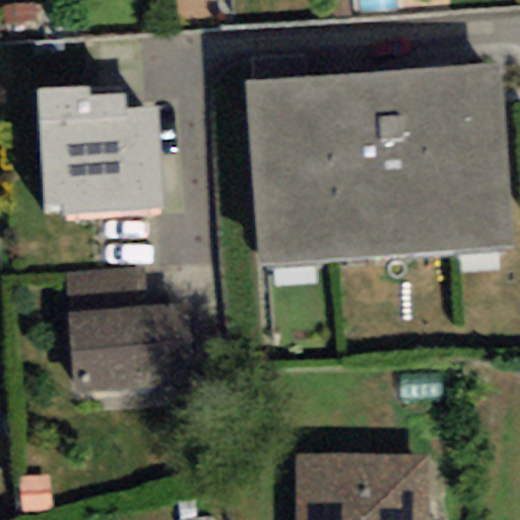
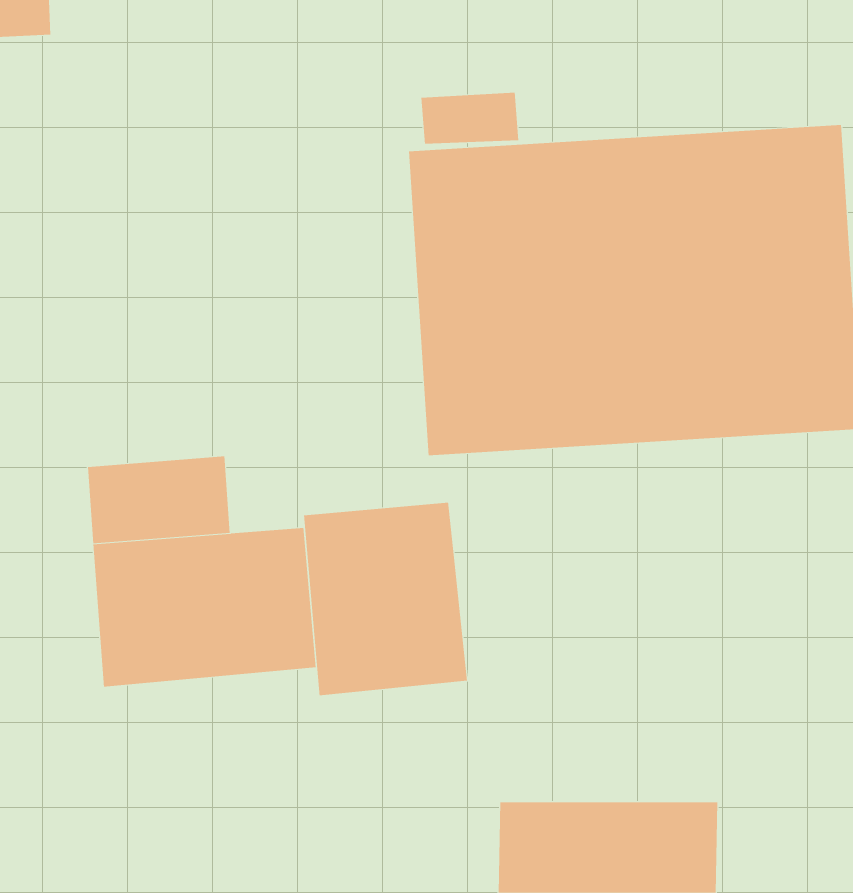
building: [35,86,160,218] -> none
building: none -> [303,502,468,696]

